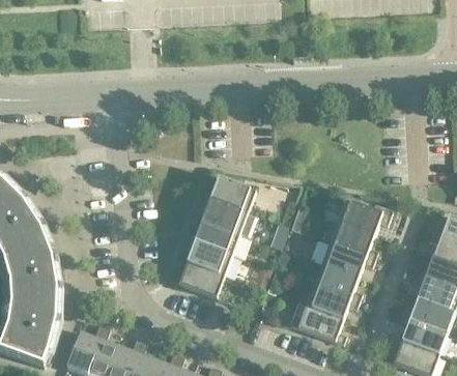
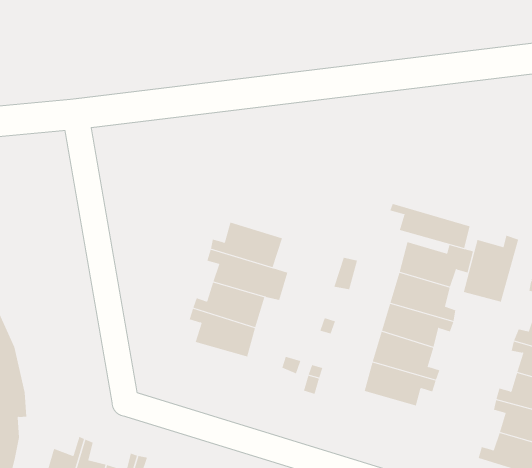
building: none -> [389,203,470,249]
building: none -> [463,235,519,302]
building: [169,262,223,297] -> none
building: [296,306,344,345] -> none

